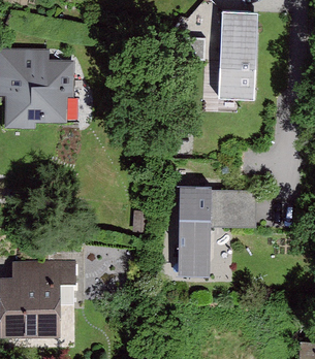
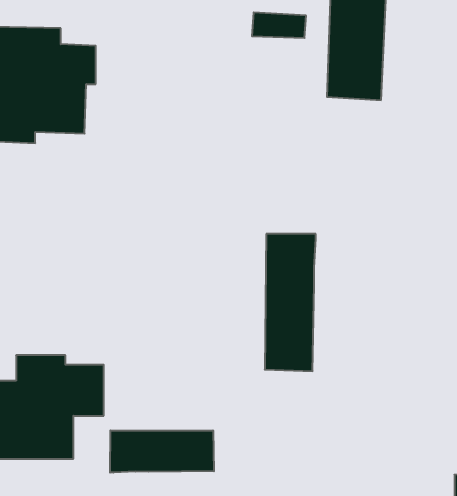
building: [210,191,256,221] -> none
building: none -> [110,430,214,473]

